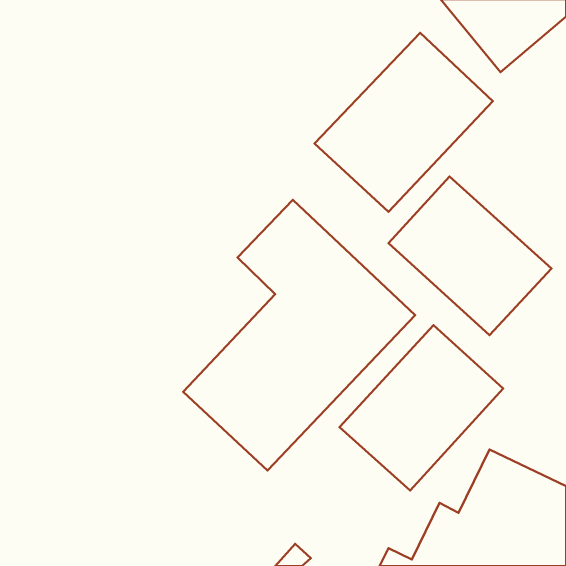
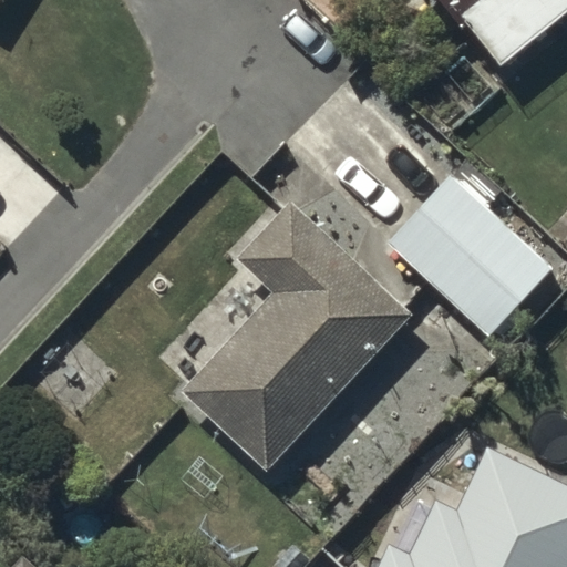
building: [314,33,493,212] -> none
building: [339,325,503,490] -> none

